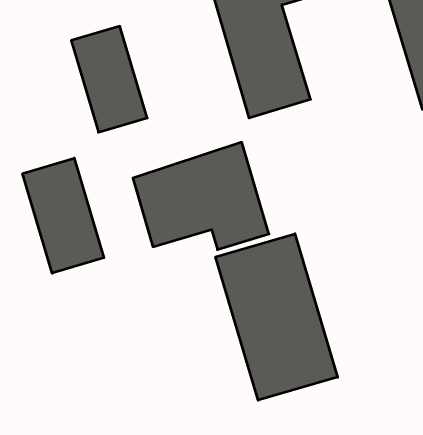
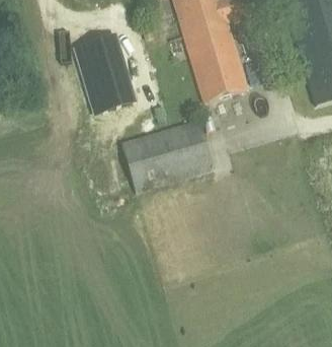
building: [23,158,104,273] -> none
building: [216,234,338,400] -> none

